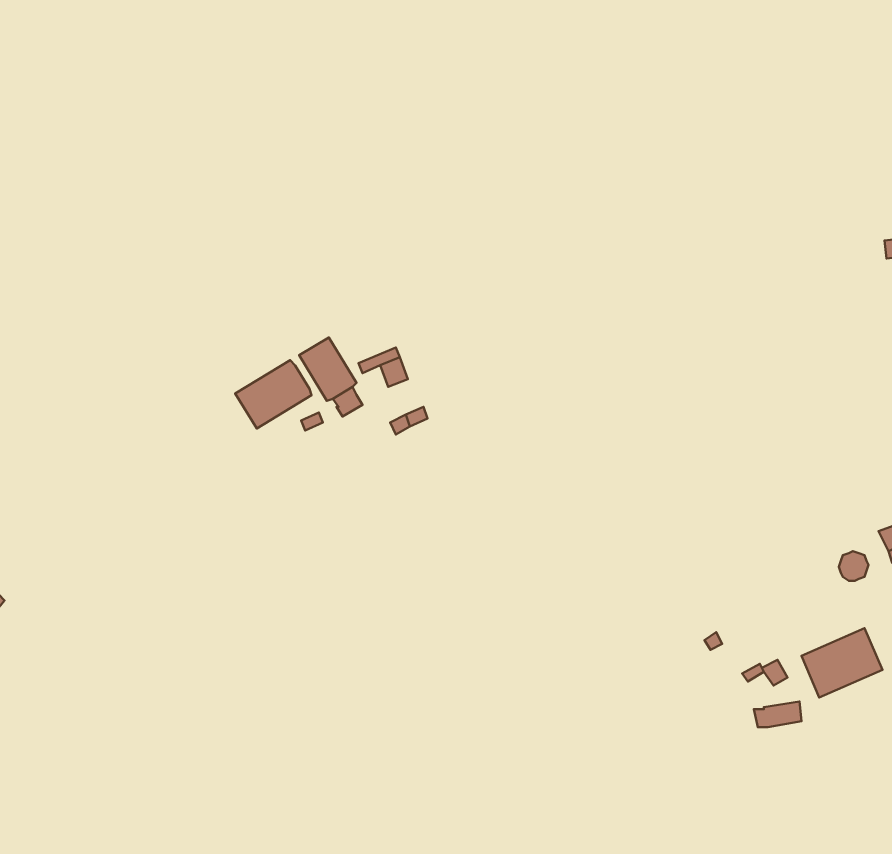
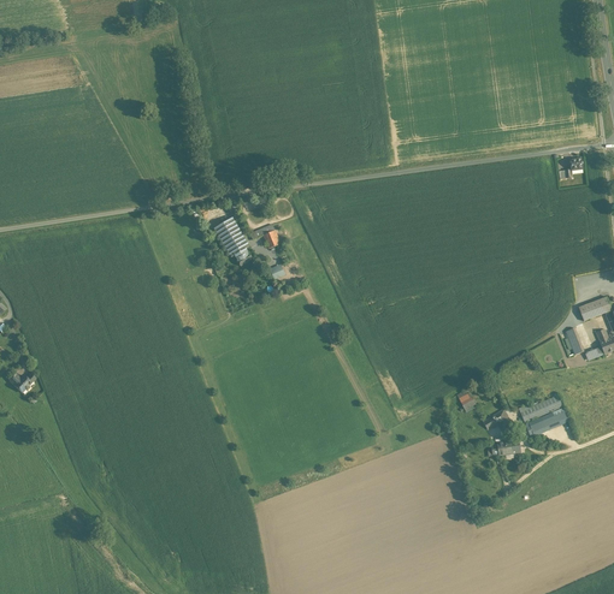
building: [235,360,312,428] -> none

